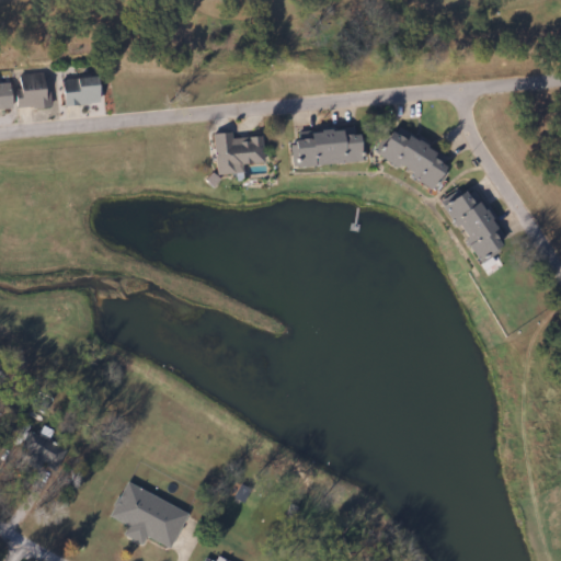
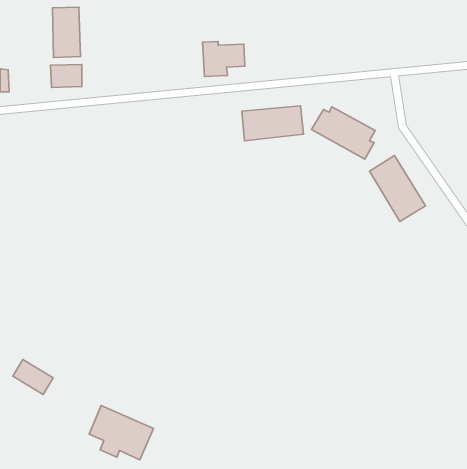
building: none -> [52,7,81,57]
building: [20,73,53,107] -> none
building: [215,133,265,174] -> [203,41,245,76]

